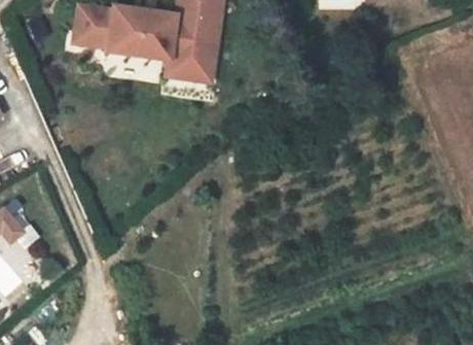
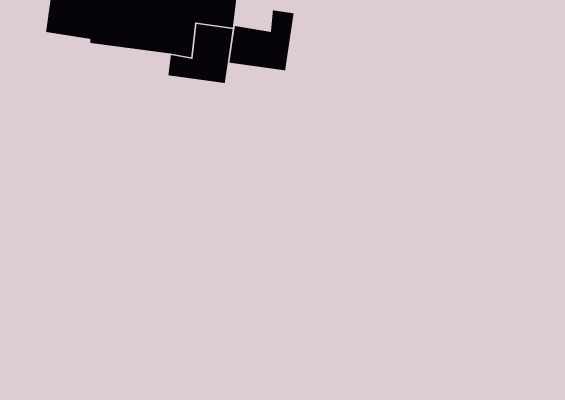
building: none -> [229,9,295,71]

